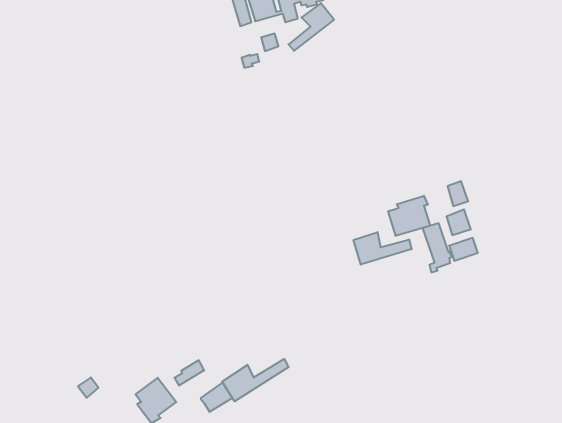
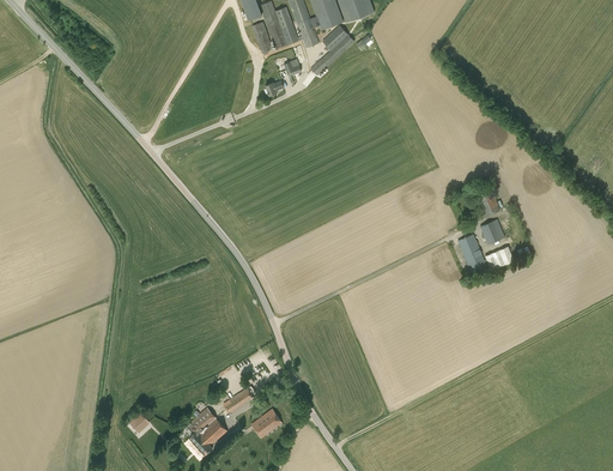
building: [388,196,430,236] -> none
building: [354,232,412,265] -> none
building: [222,359,289,401] -> none

